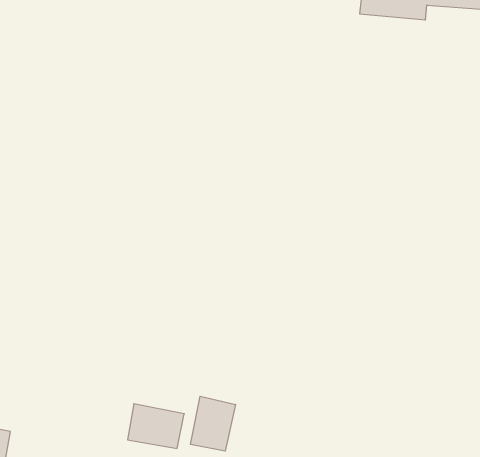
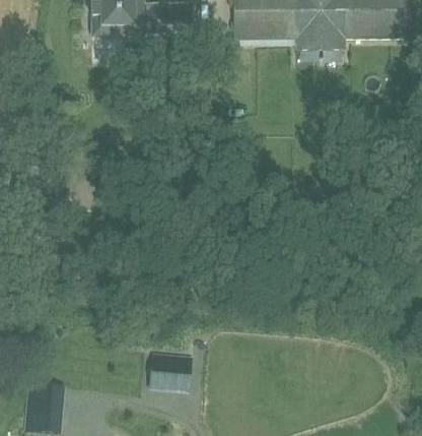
building: [190,396,236,451] -> none

